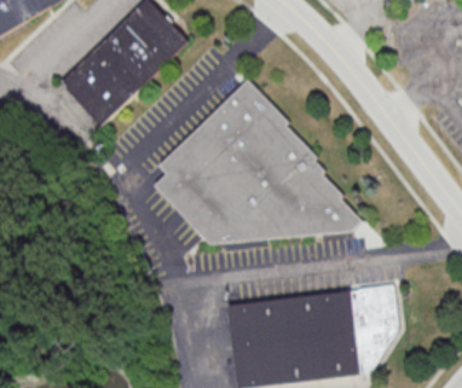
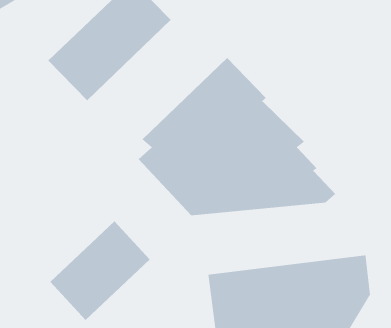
building: none -> [49,221,151,321]

